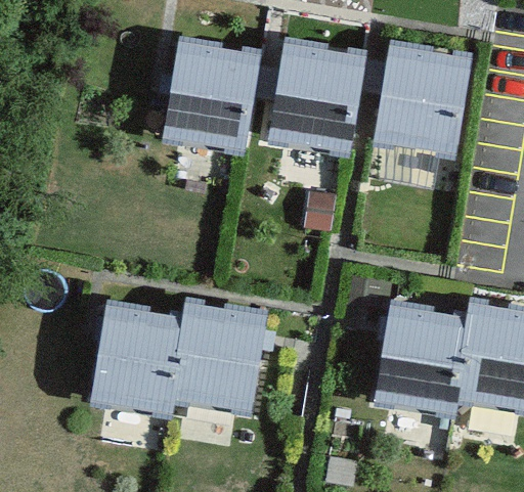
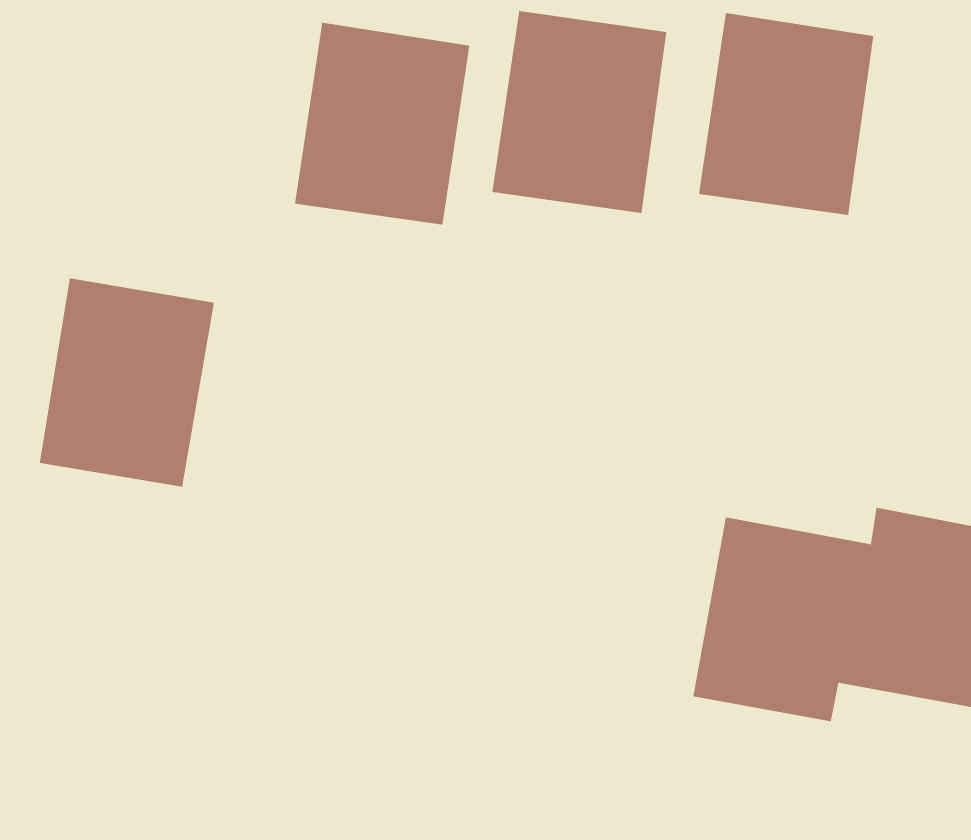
building: none -> [39,277,214,488]
building: [106,302,261,415] -> none

